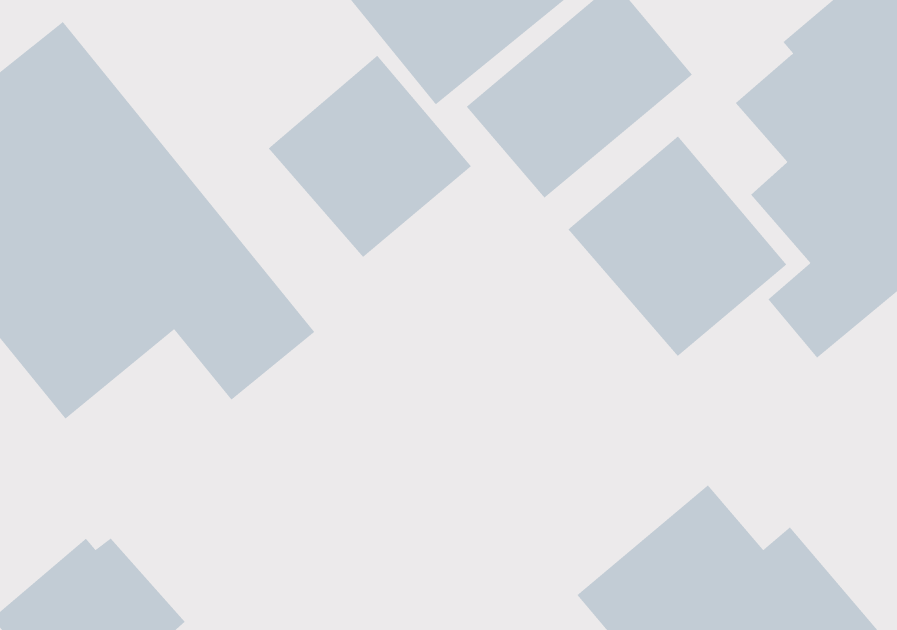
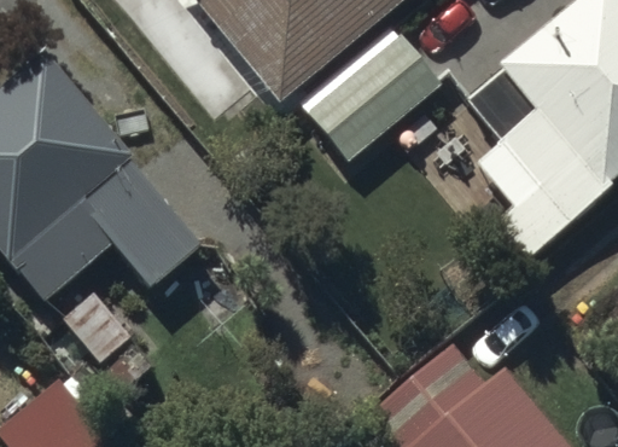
building: [268,55,472,258] -> none
building: [568,135,787,357] -> none

